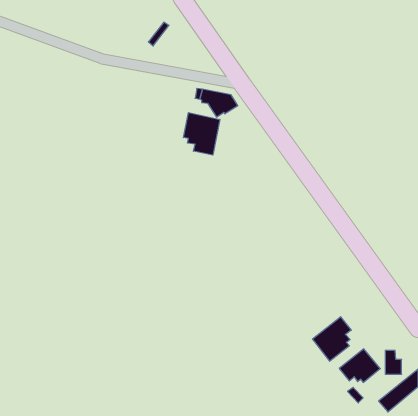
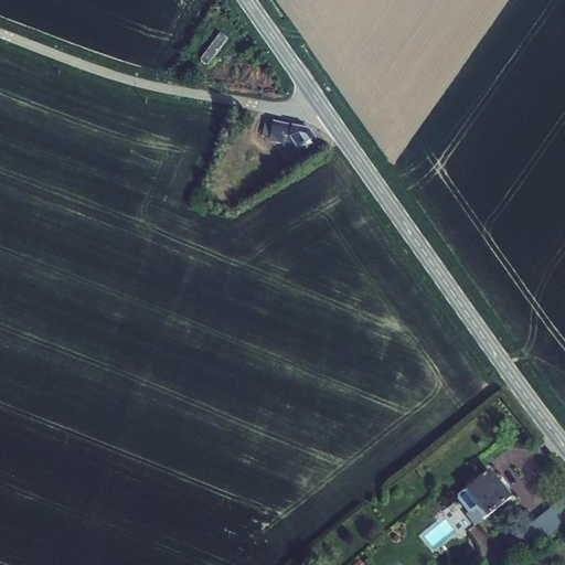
building: [183,113,220,155] -> none
building: [313,317,351,361] -> none

